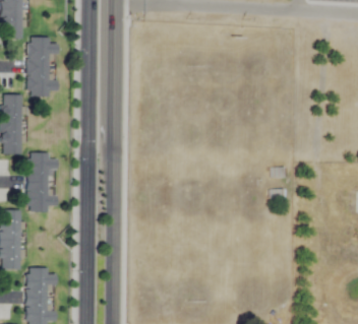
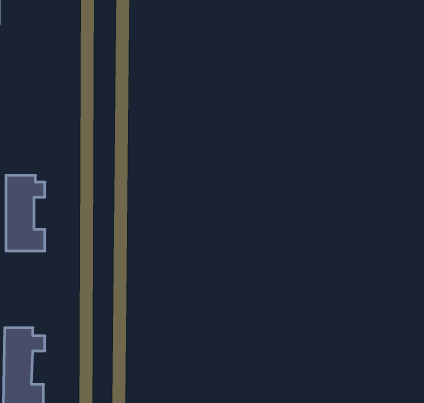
building: [28,38,60,95] -> none

